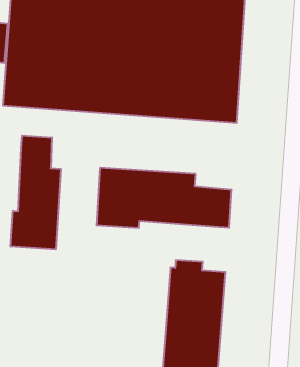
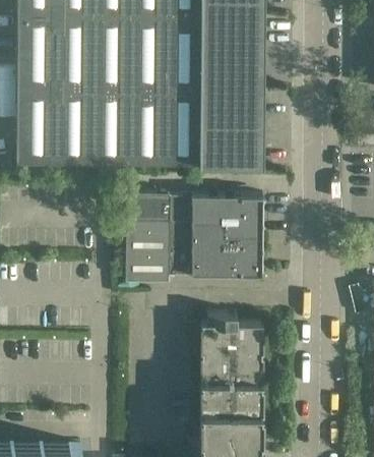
building: [11,136,61,249] -> none
building: none -> [123,191,262,234]

